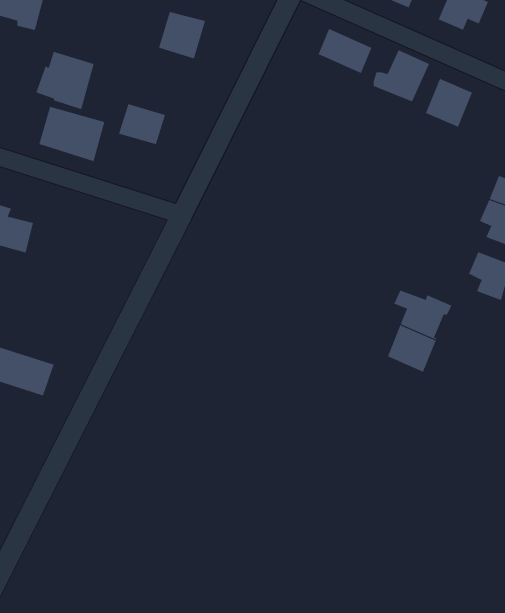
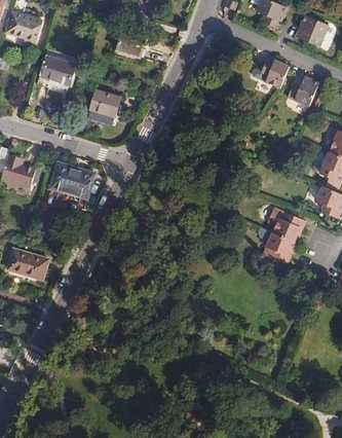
building: [318,28,372,74] -> none
building: [38,106,105,162] -> [50,162,93,198]

